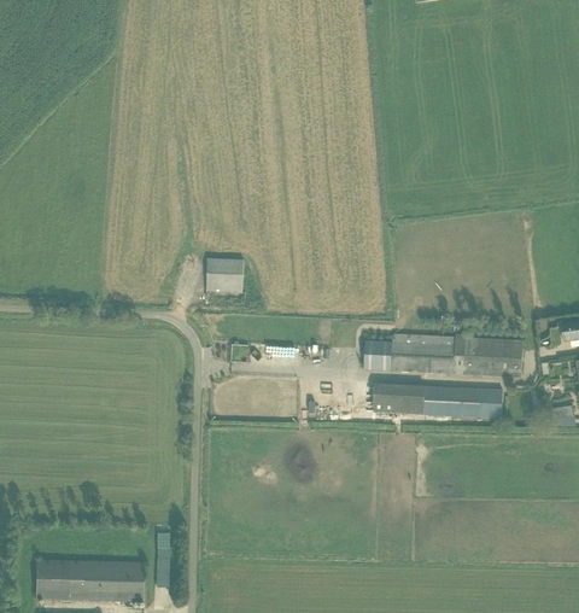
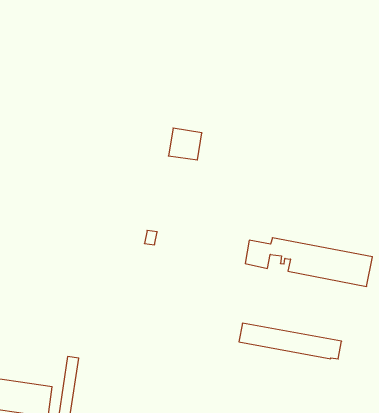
building: [209,258,247,294] -> [168,128,202,160]
building: [374,384,504,414] -> [239,323,342,359]

